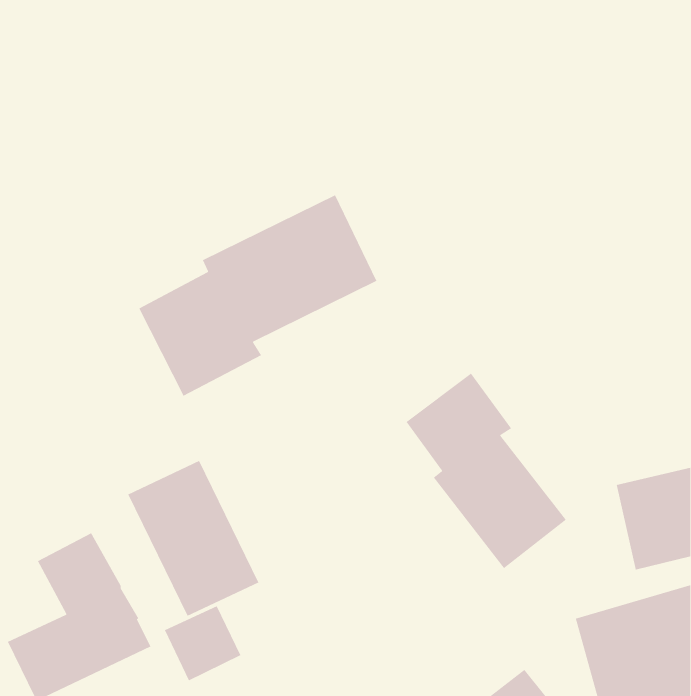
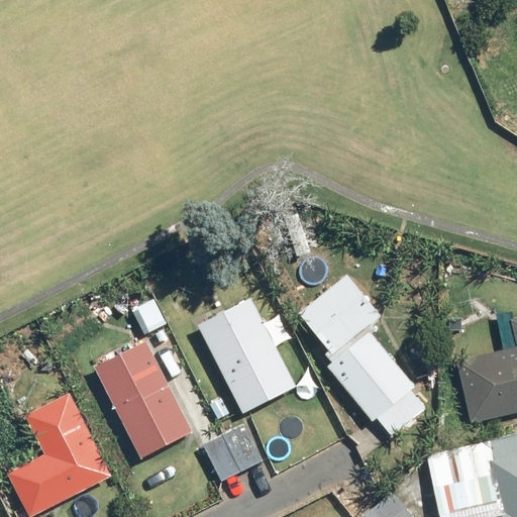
building: [138,194,378,397] -> none
building: none -> [204,302,295,409]
building: [164,605,242,682] -> [203,427,261,484]

